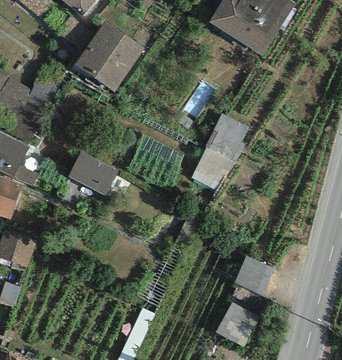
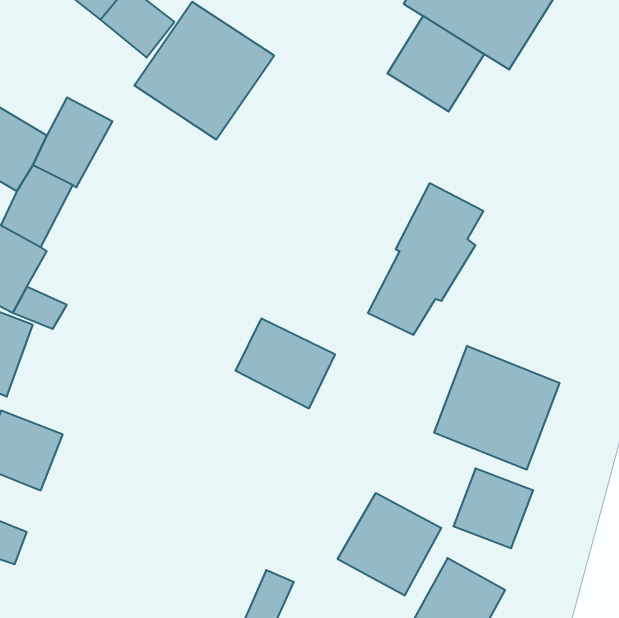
building: none -> [387,16,484,112]
building: [68,151,118,196] -> [235,319,335,408]
building: none -> [434,346,559,470]
building: none -> [338,493,441,596]

